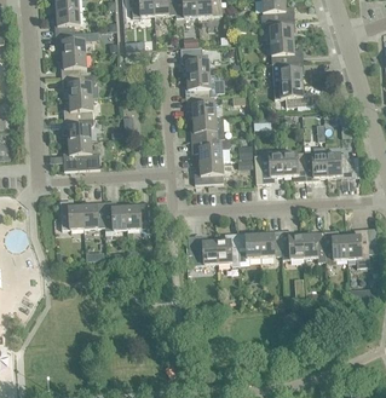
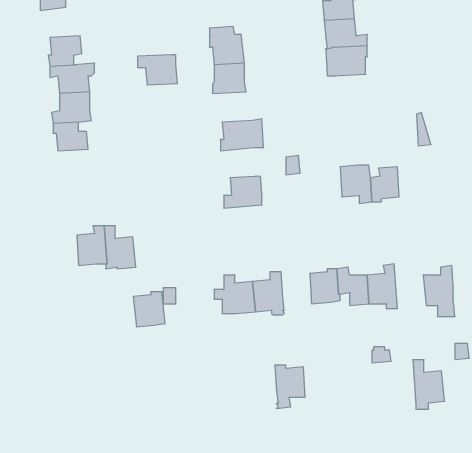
building: [54,31,85,54] -> none
building: [278,82,311,105] -> none
building: [185,96,215,119] -> [138,55,177,85]
building: [191,138,221,161] -> none
building: [63,139,99,171] -> none
building: [325,151,355,177] -> none
building: [254,152,283,183] -> none
building: [59,200,83,229] -> none
building: [125,202,149,229] -> [133,292,165,327]
building: [323,226,347,264] -> [413,360,445,409]
building: [237,232,260,265] -> [275,365,305,408]

